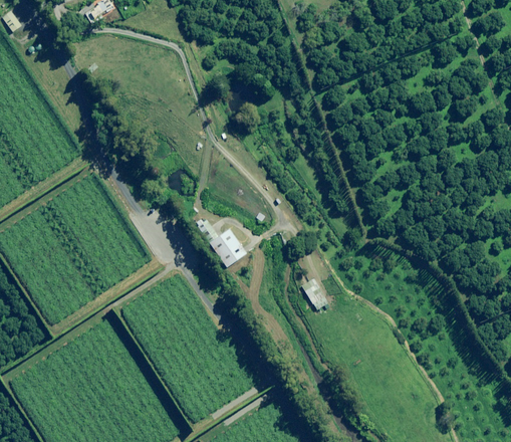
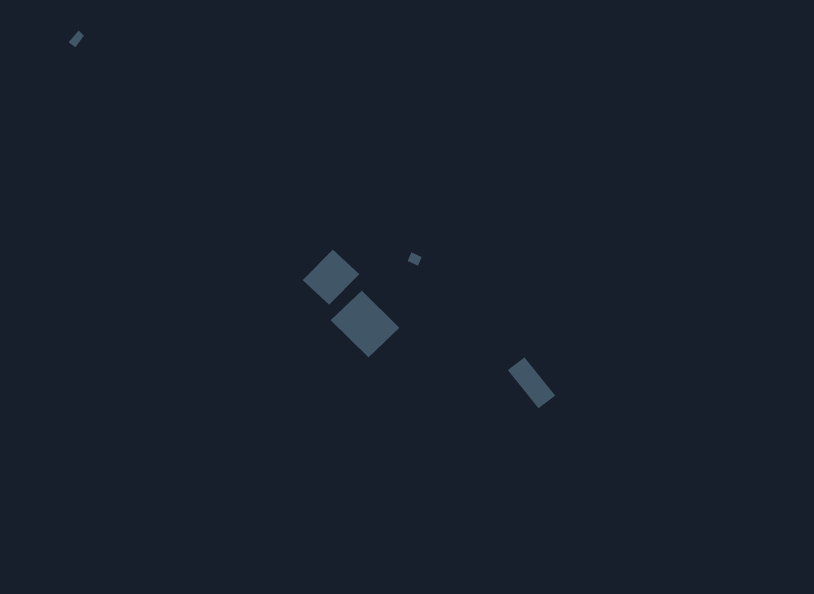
building: none -> [302,249,360,305]

